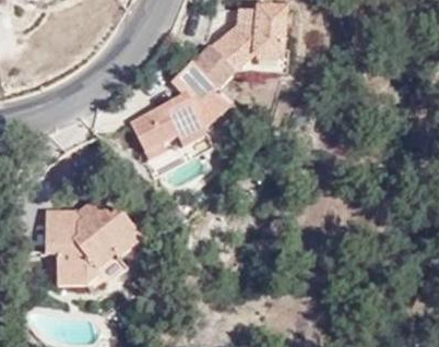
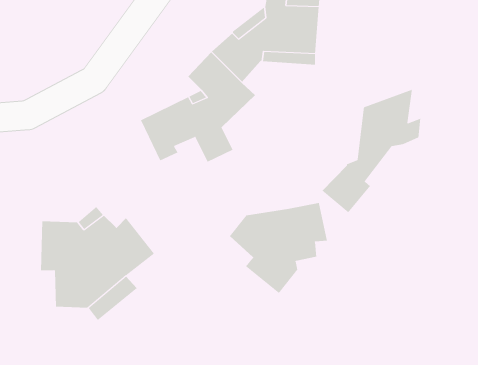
building: none -> [322,89,421,213]
building: none -> [229,202,327,294]

